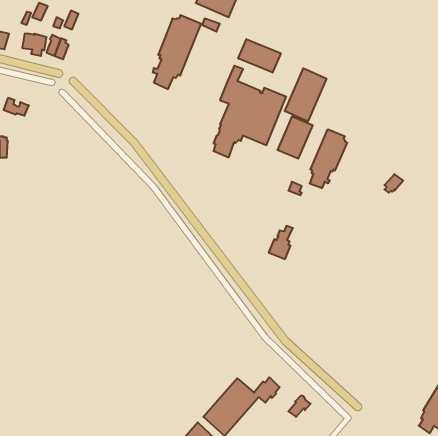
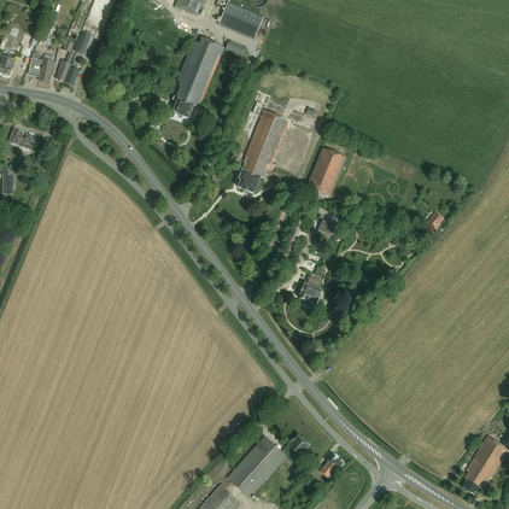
building: [238,39,281,73] -> none
building: [285,68,326,122] -> none
building: [310,129,347,188] -> none

